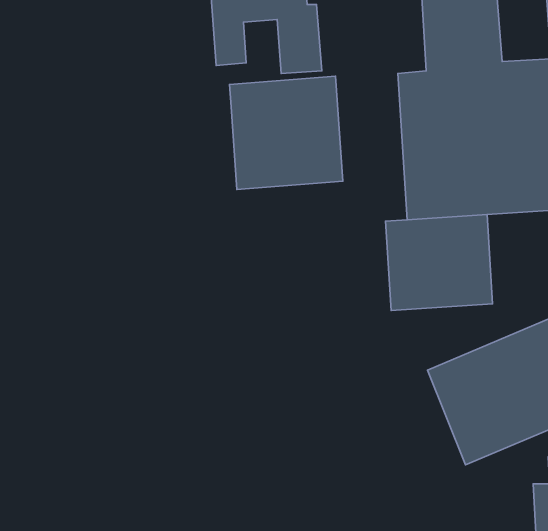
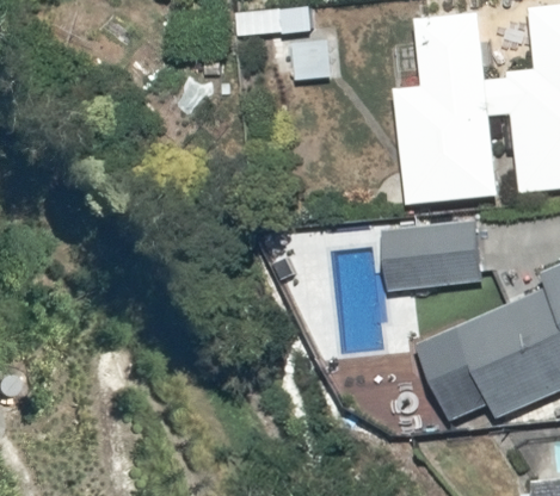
building: [229,76,343,189] -> none

